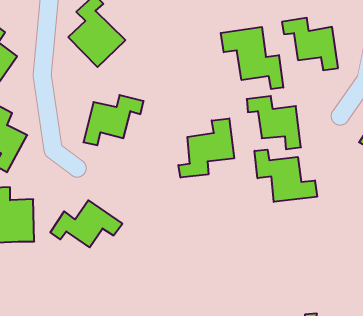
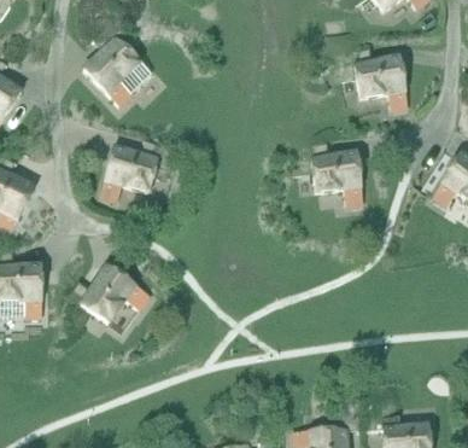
building: [221,27,283,89] -> none
building: [178,118,234,178] -> none
building: [255,150,317,202] -> none

